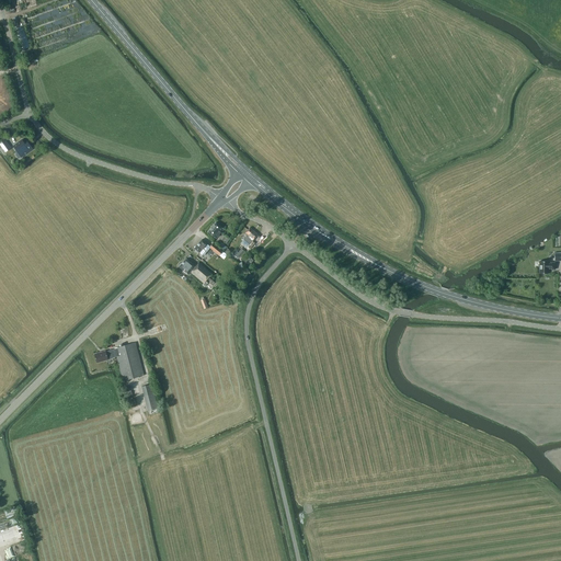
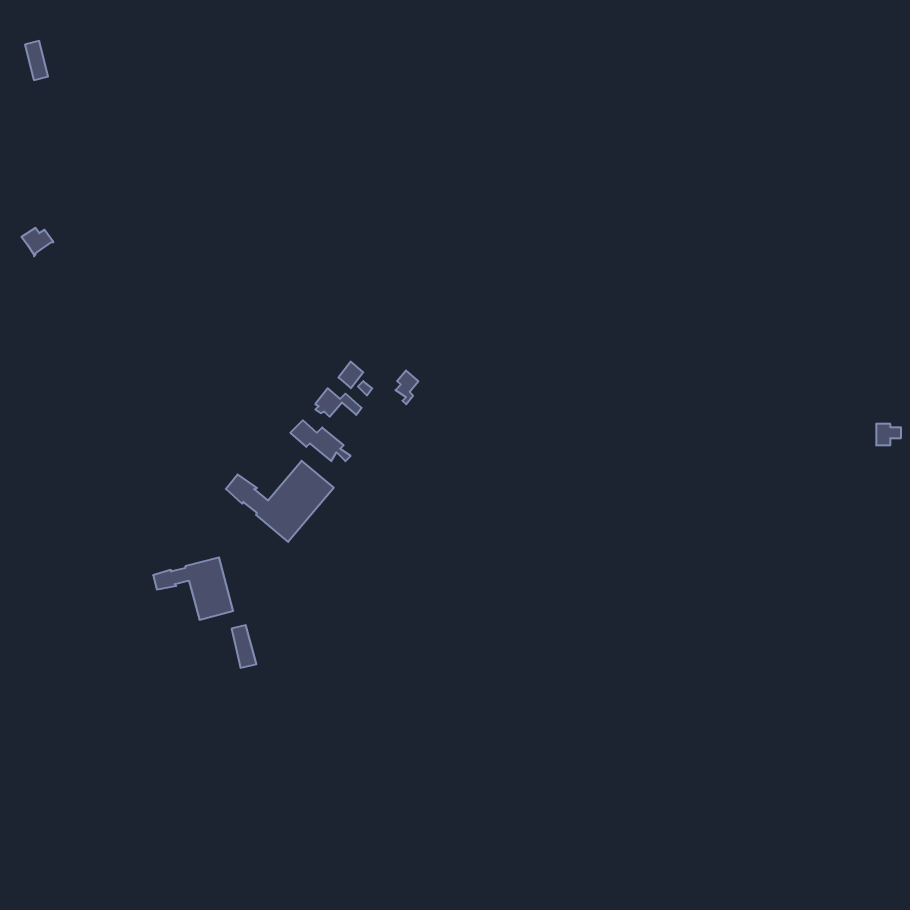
building: none -> [226,461,334,542]

